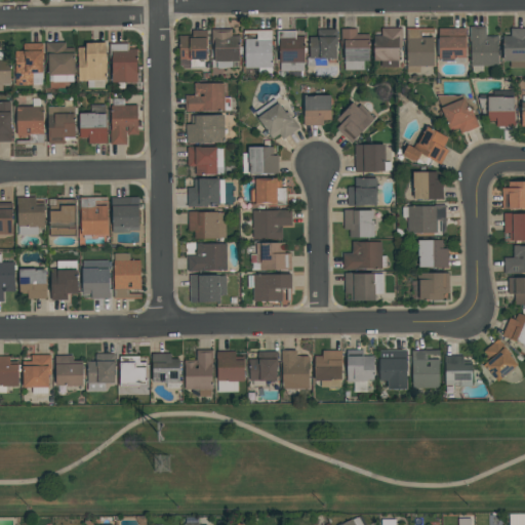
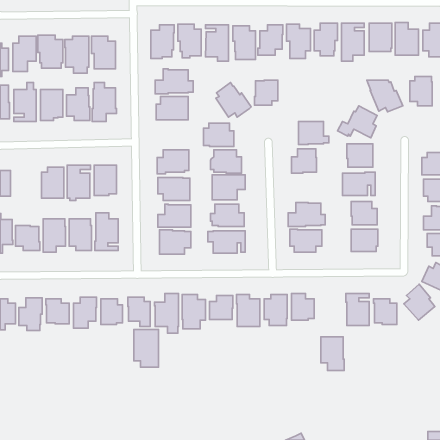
building: [337,103,375,144] -> none
building: [188,147,224,175] -> none
building: [18,197,45,235] -> none
building: [345,209,375,237] -> none
building: [380,350,408,390] -> [321,337,344,370]
building: none -> [134,330,159,367]

